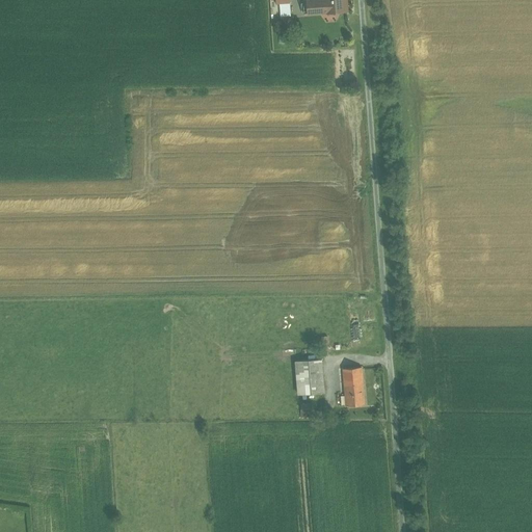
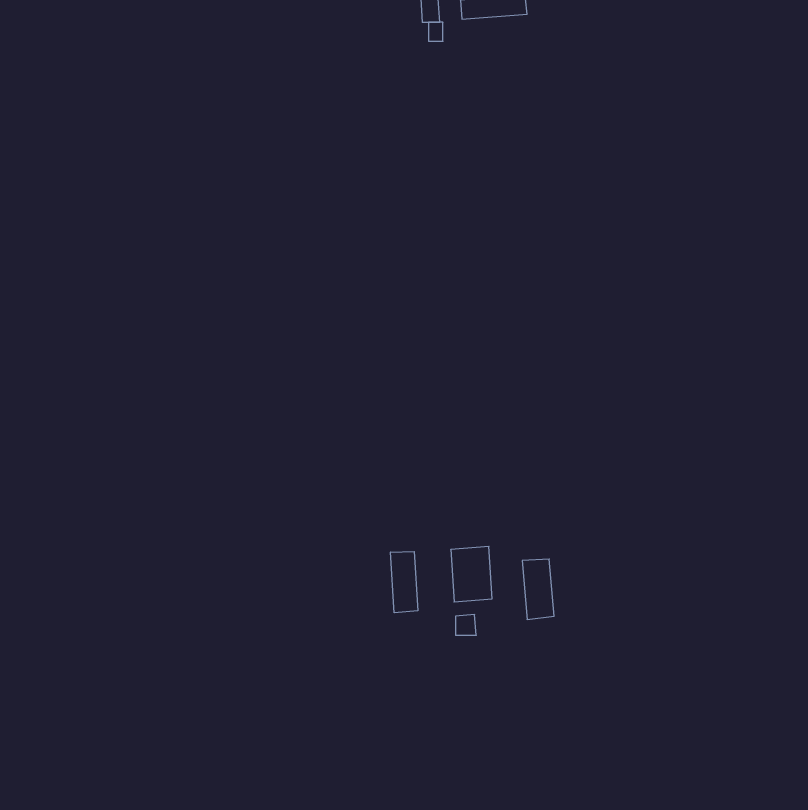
building: none -> [391,552,418,613]

